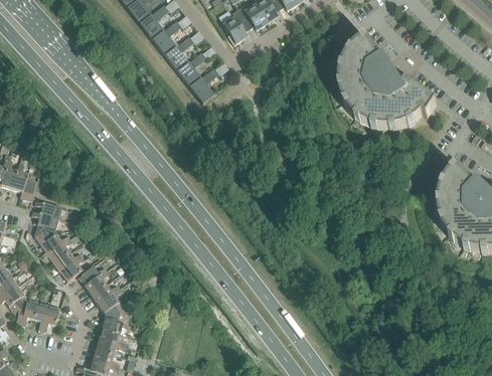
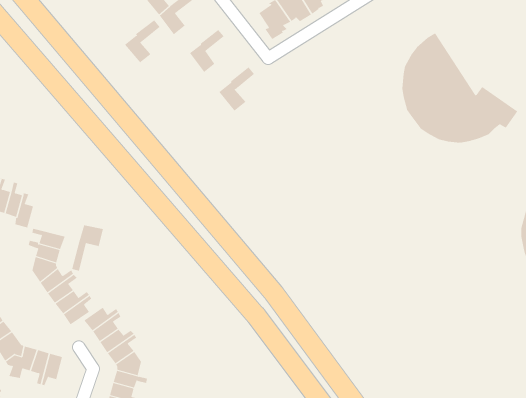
building: [152,19,182,55] -> [124,19,160,63]
building: [177,51,206,87] -> none
building: none -> [71,224,104,272]

